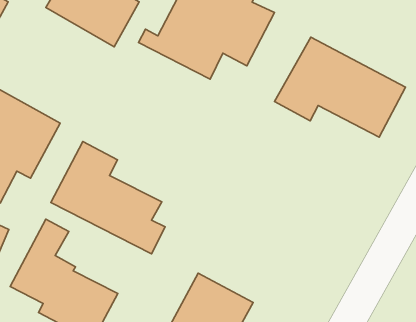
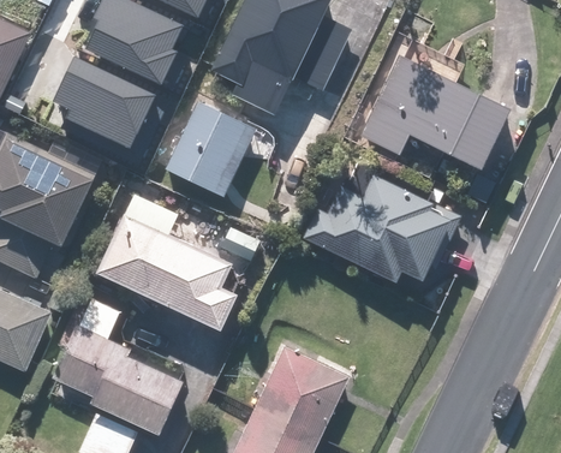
building: none -> [47,53,166,165]
building: none -> [159,100,256,201]
building: none -> [303,165,454,284]

